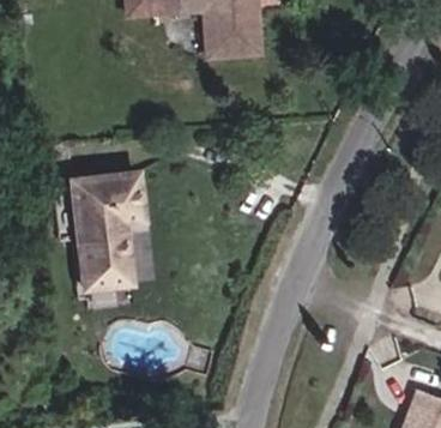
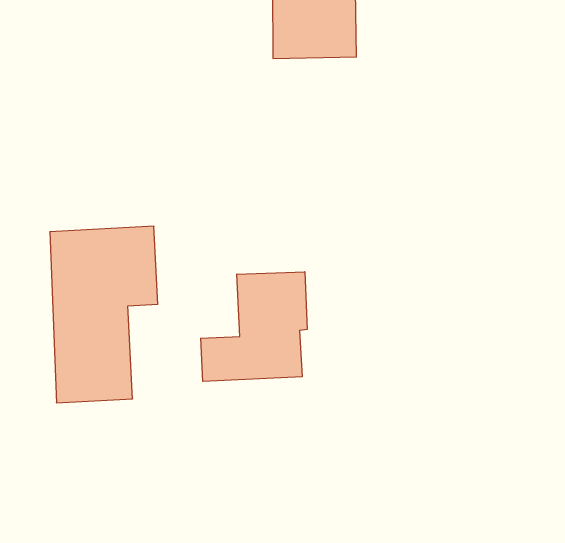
building: none -> [201,272,307,381]

